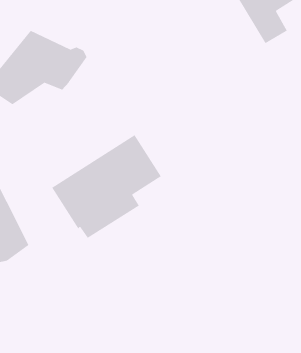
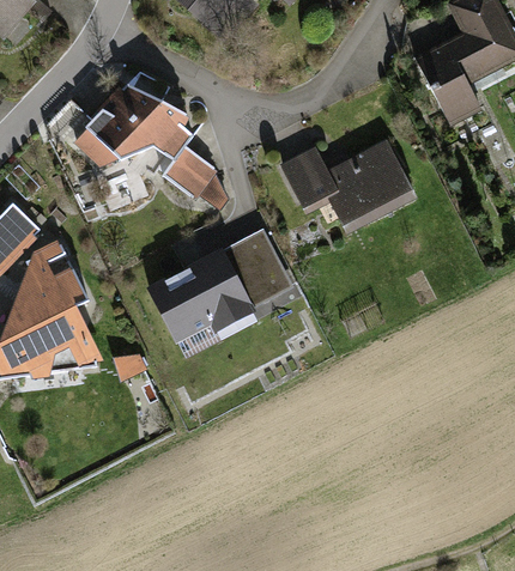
building: none -> [275,139,413,231]
building: none -> [159,147,229,212]

